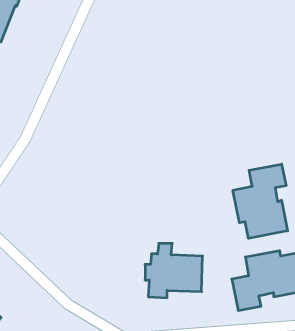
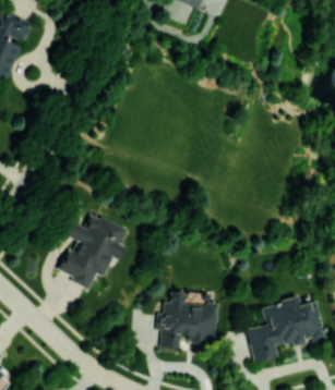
building: [233,164,288,238] -> none
building: none -> [61,212,128,289]

